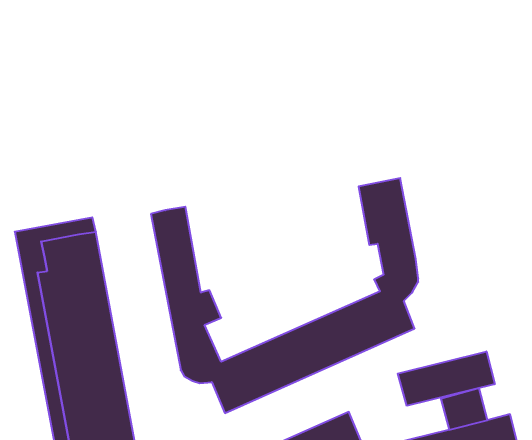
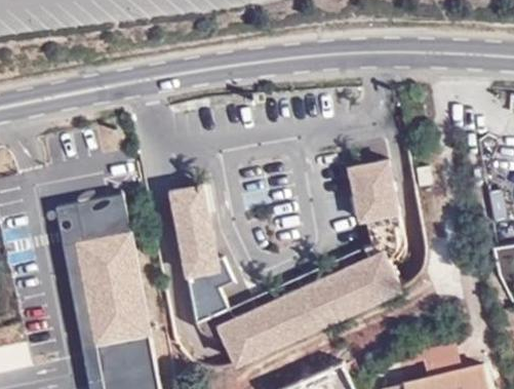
building: [398,351,495,406] -> none

